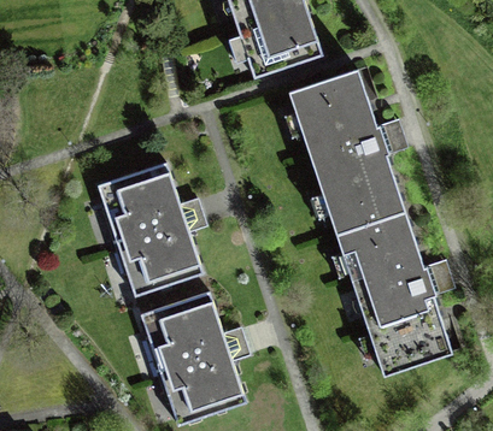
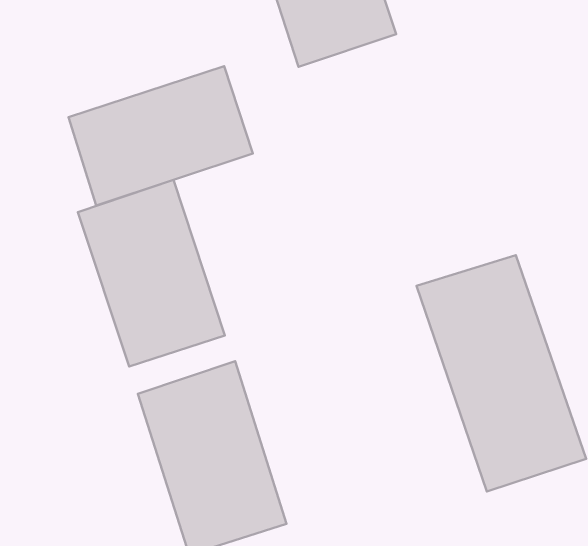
building: [289,71,406,232] -> none
building: none -> [69,66,253,205]

